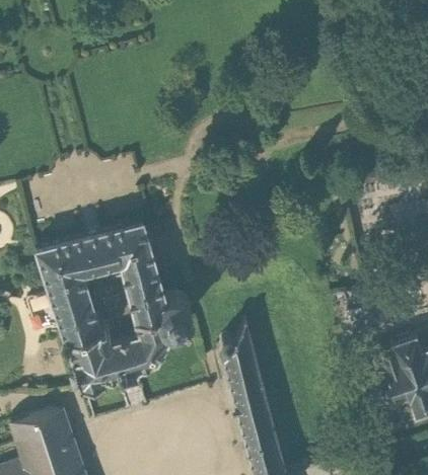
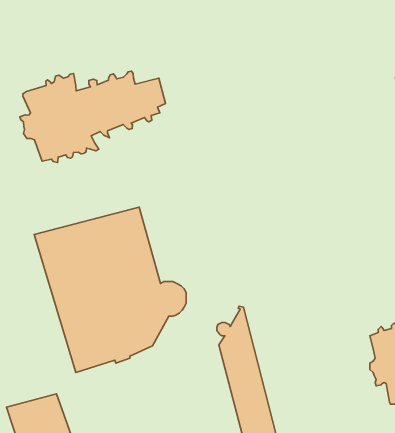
building: none -> [20,71,165,162]

